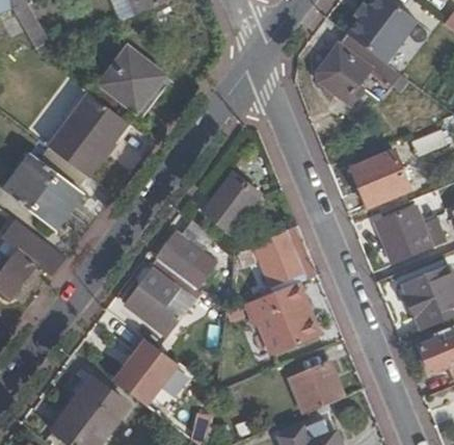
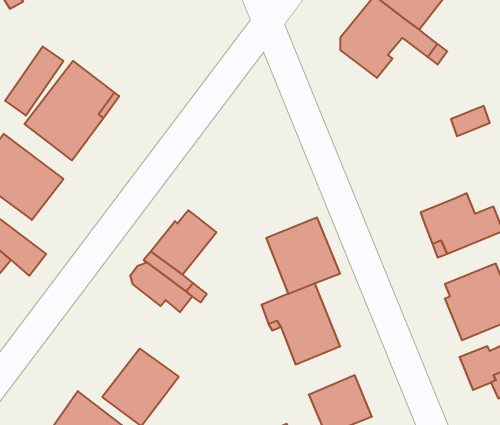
building: [97,46,162,111] -> none
building: [350,151,406,206] -> none
building: [202,175,261,236] -> none
building: [124,283,181,334] -> none

